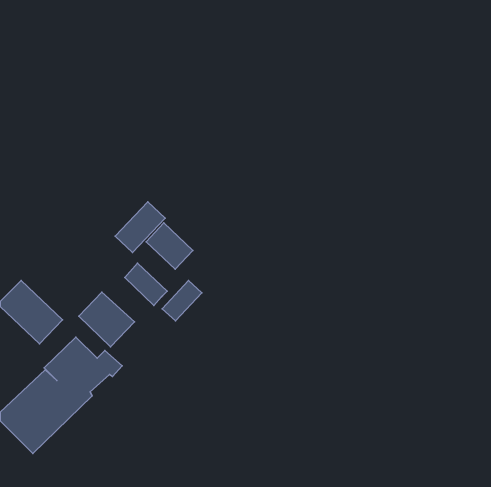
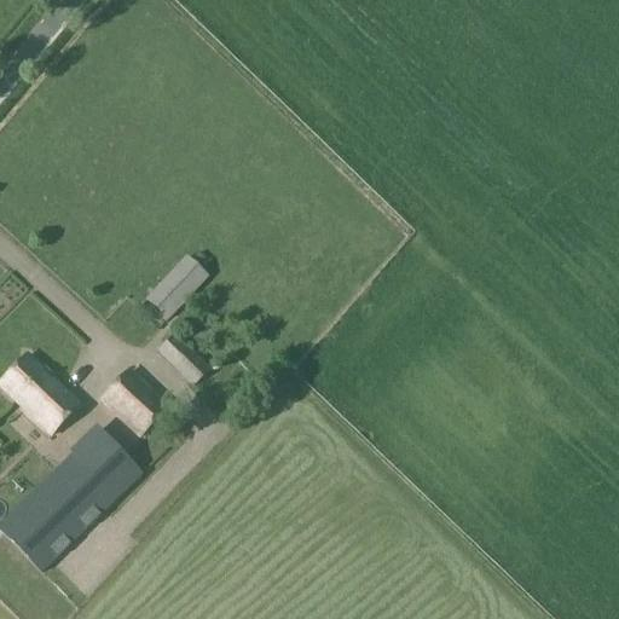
building: [146,223,193,269] -> none
building: [162,281,202,321] -> none

